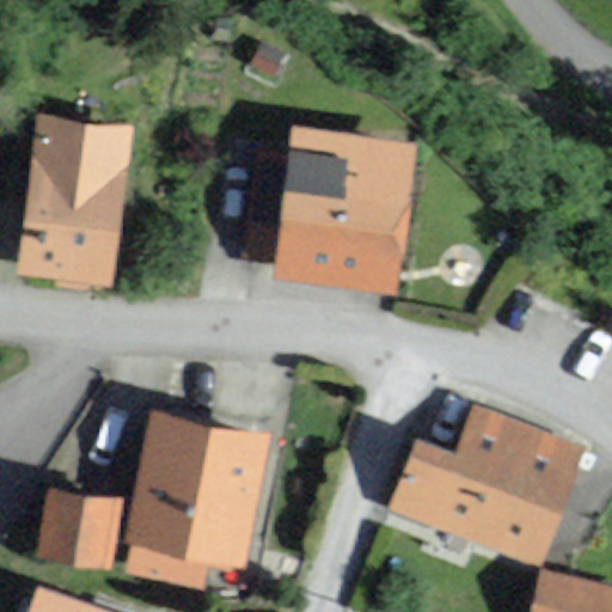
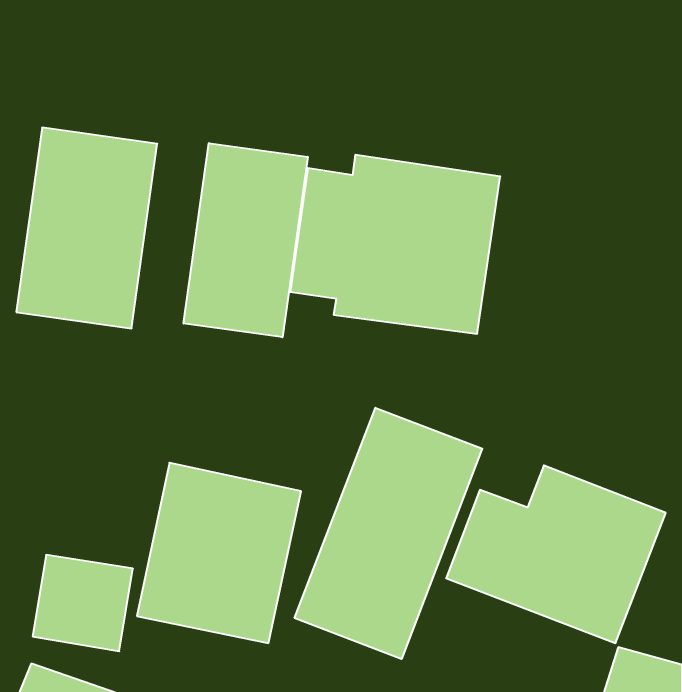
building: none -> [184,143,308,337]
building: none -> [295,408,482,659]

